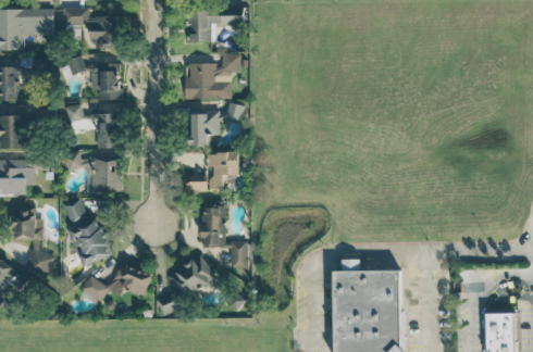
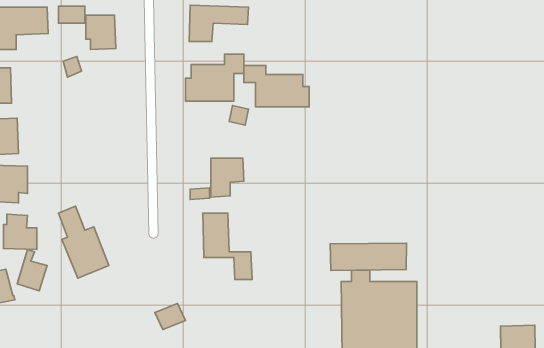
building: [90,63,120,100] -> none
building: none -> [244,65,309,107]
building: [66,104,119,147] -> none
building: [188,110,219,146] -> none
building: [64,152,121,191] -> none
building: none -> [330,243,406,270]
building: [169,254,215,298] -> none
building: [82,262,151,300] -> none

